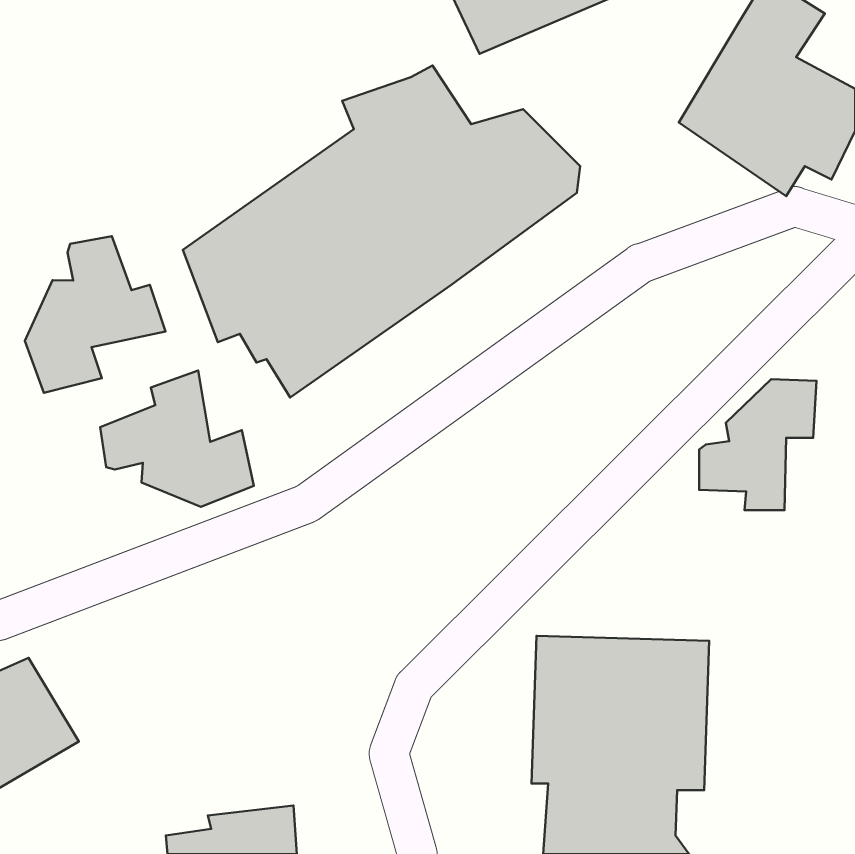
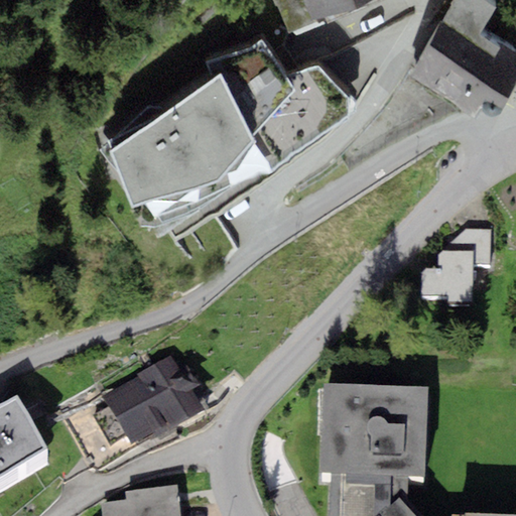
building: [25,236,165,393] -> none
building: [100,370,254,507] -> none
building: none -> [103,353,203,446]

